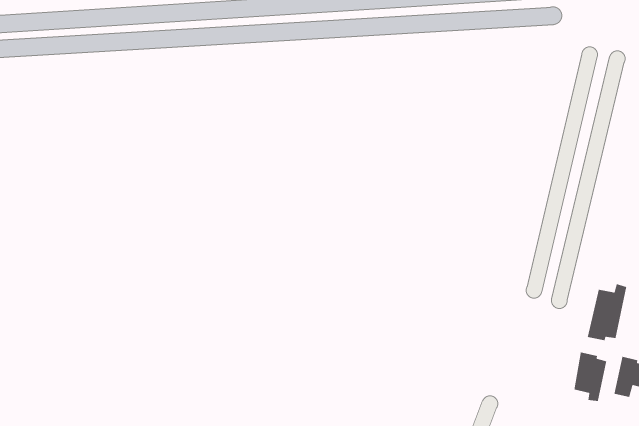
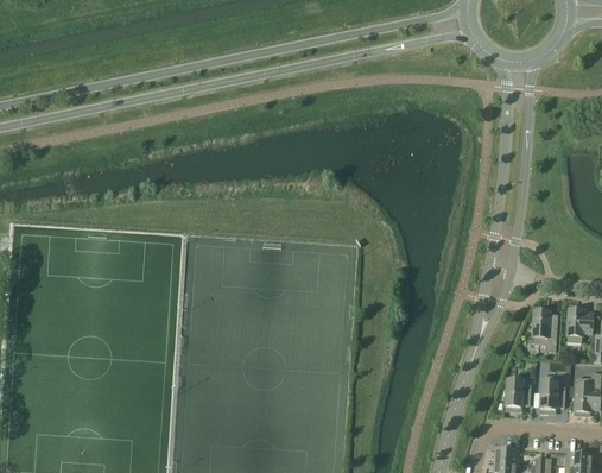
building: [587,283,627,341] -> none

